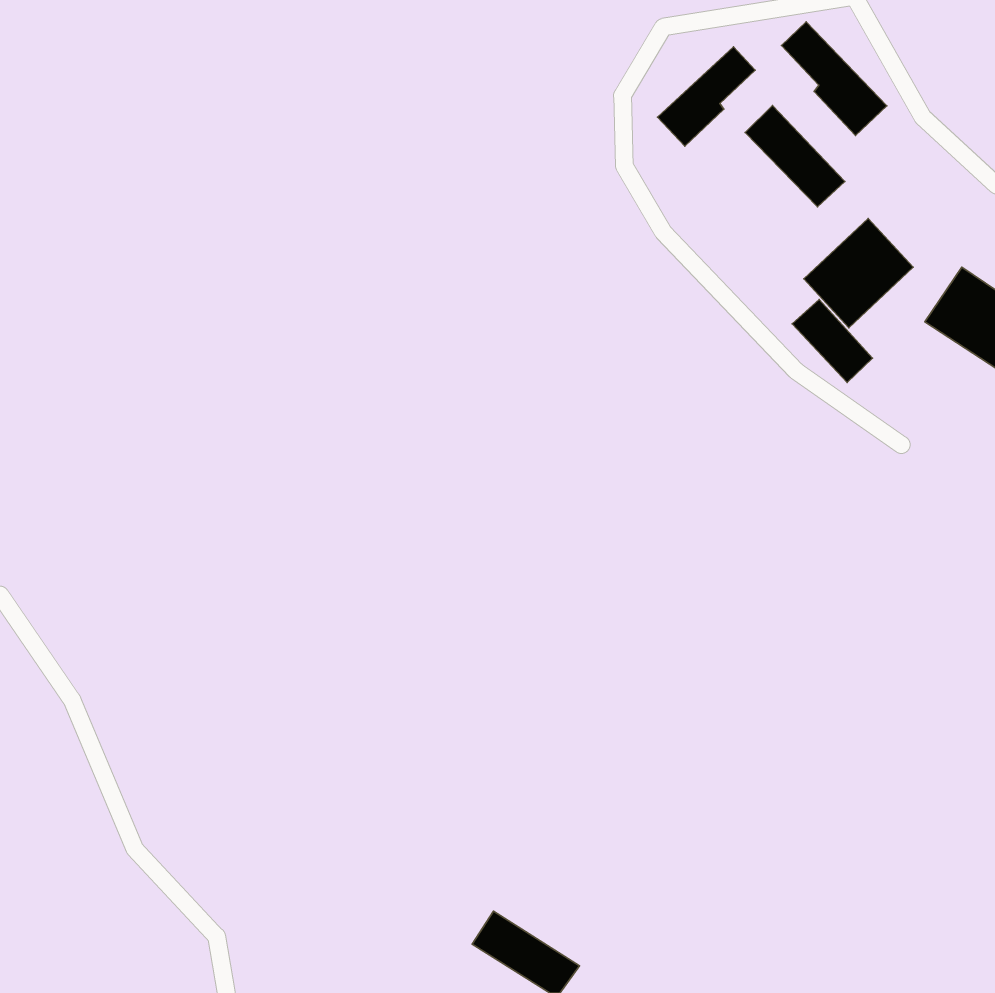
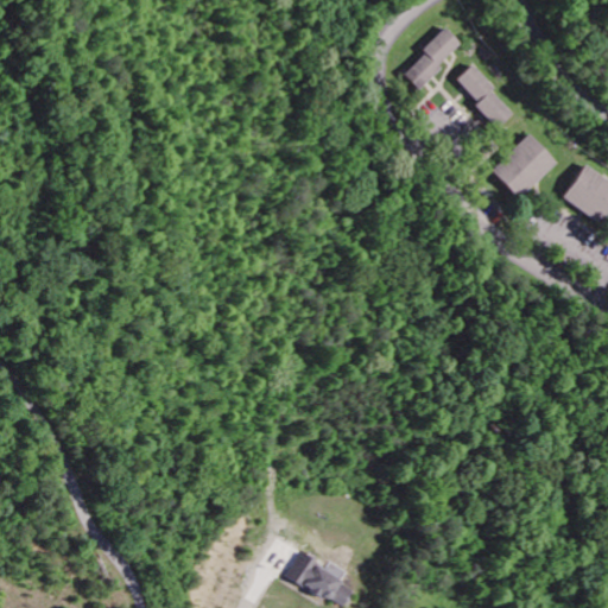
building: [782,22,887,136] -> none
building: [792,300,873,382] -> none

